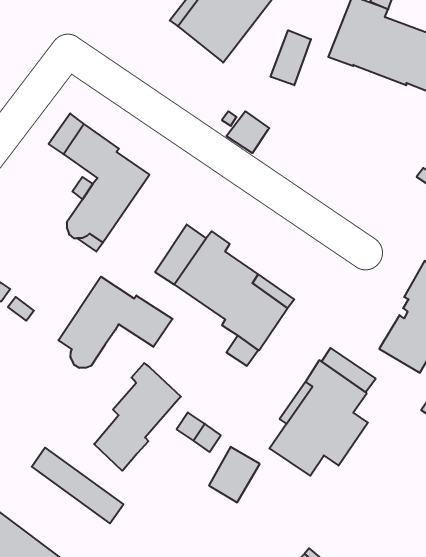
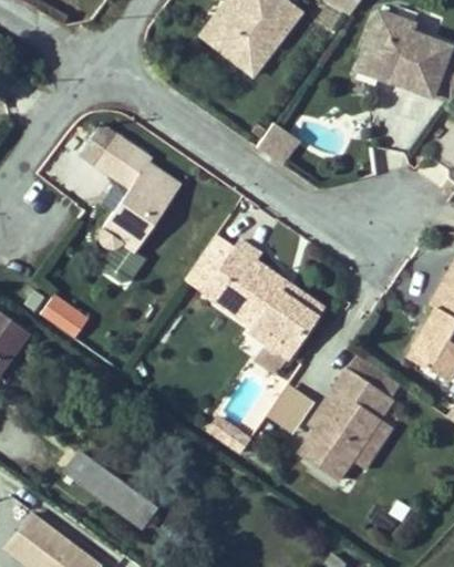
building: [271,30,311,85] -> none
building: [58,277,173,368] -> none
building: [94,363,181,471] -> none
building: [209,447,260,502] -> [265,383,314,437]

